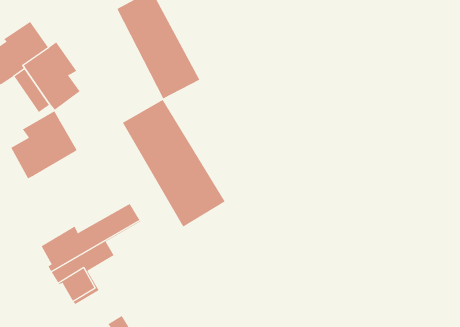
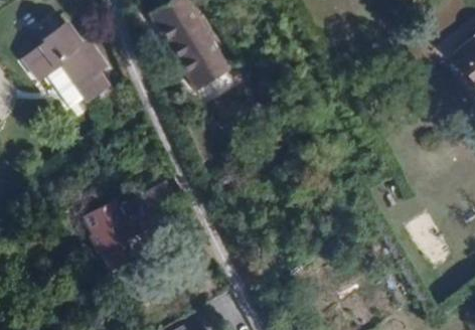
building: [122,99,226,227] -> none
building: [10,110,78,179] -> none

